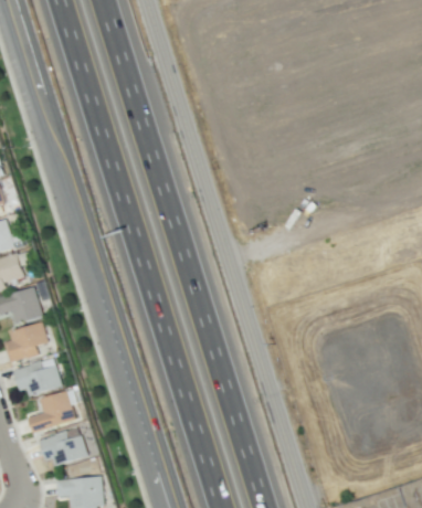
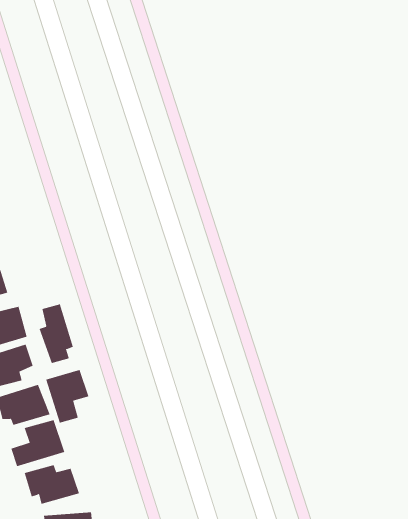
building: none -> [39,303,74,364]
building: none -> [46,369,89,423]

